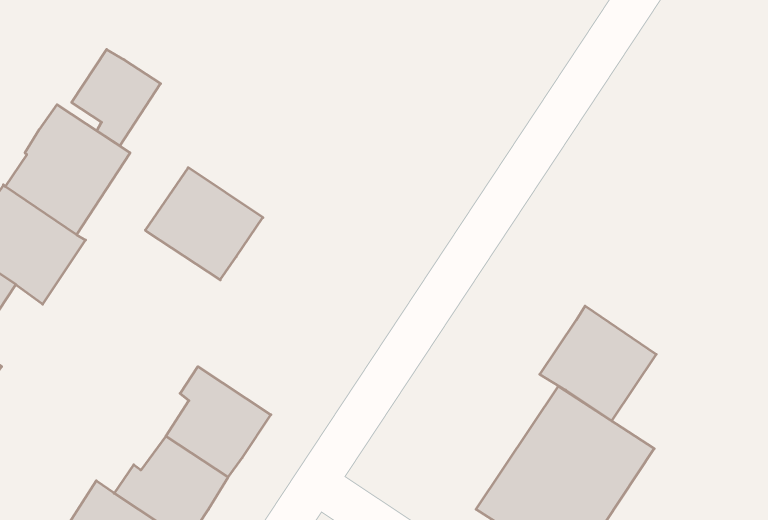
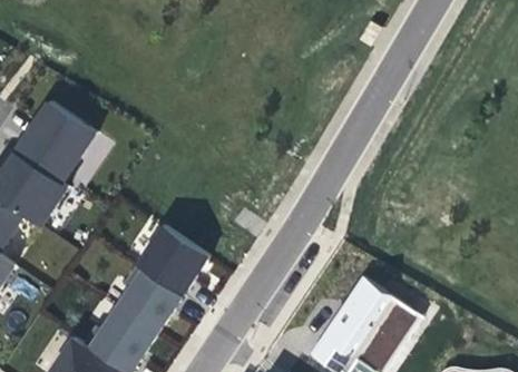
building: [72,49,161,146] -> none
building: [145,168,263,280] -> [136,225,209,295]
building: [540,306,656,421] -> none

